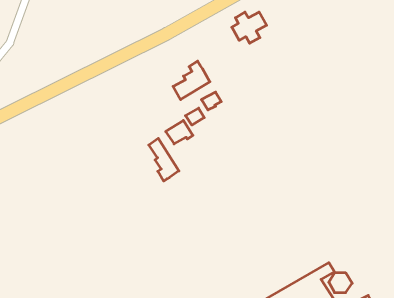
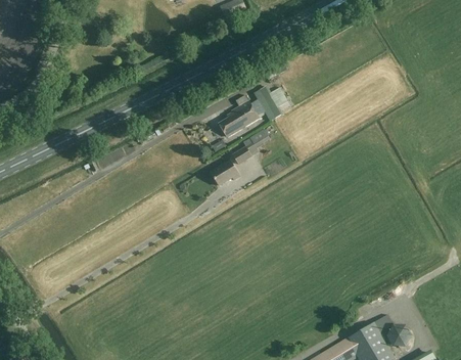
building: [232,12,267,43] -> [249,89,287,123]
building: [149,138,179,181] -> none

